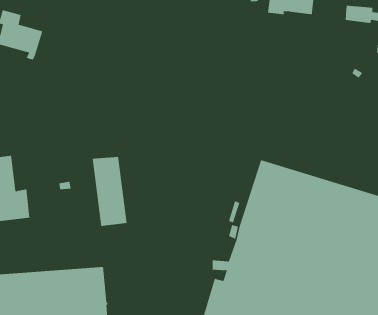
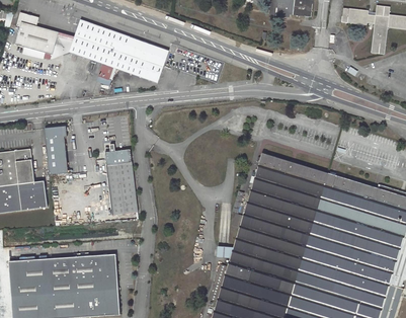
building: none -> [69,19,169,83]
building: none -> [47,125,73,173]

